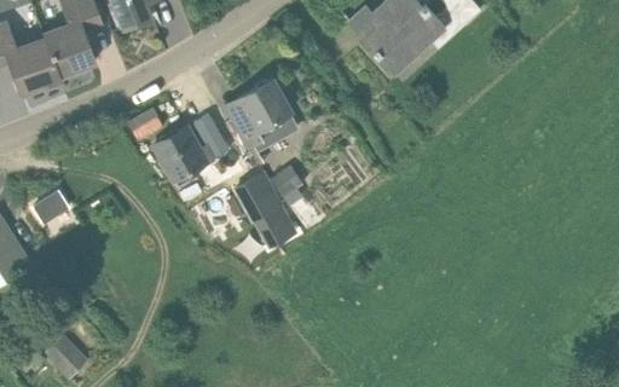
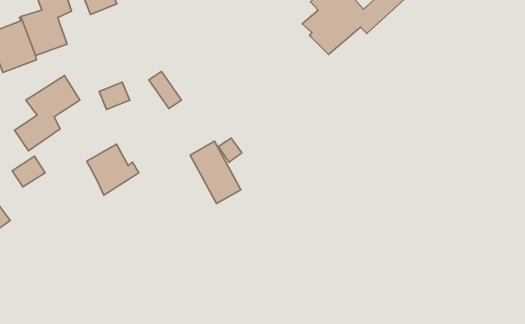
building: [228,79,290,149] -> none
building: none -> [14,76,80,151]
building: [152,126,212,184] -> [87,144,139,195]
building: [44,336,82,374] -> none

